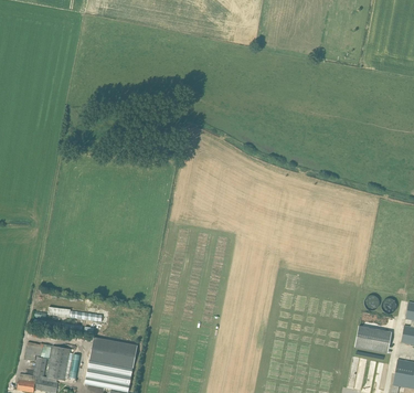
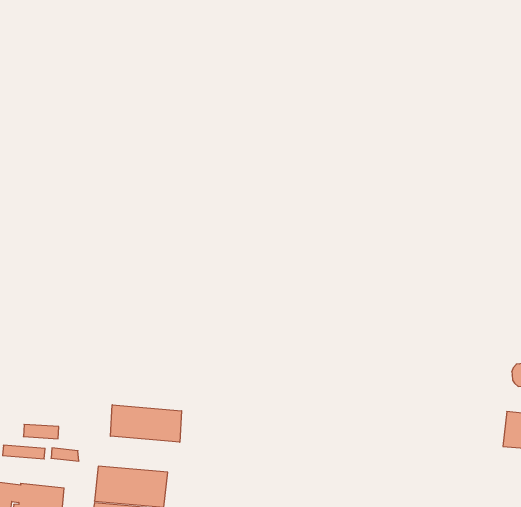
building: none -> [110,405,182,442]

